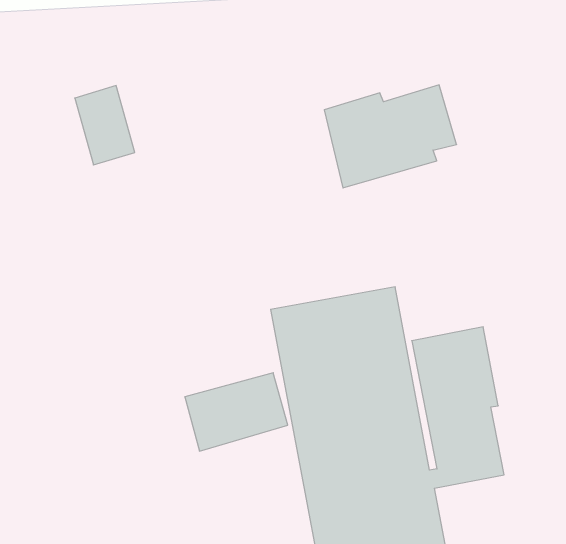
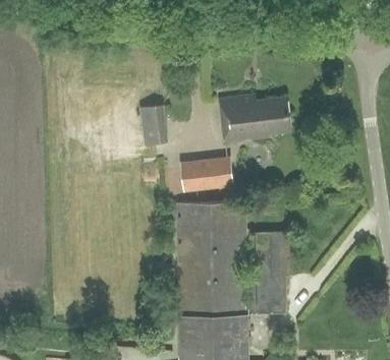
building: [75,86,135,165] -> [138,106,166,146]
building: [185,373,288,451] -> [179,158,232,193]

